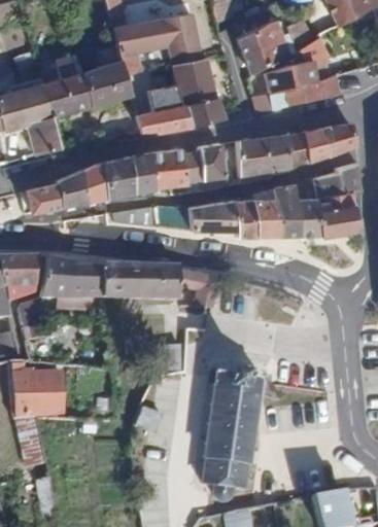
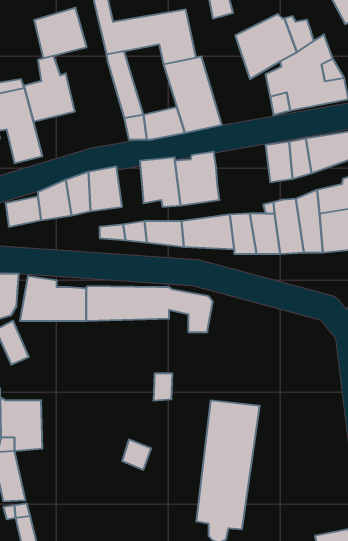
building: [83,60,132,106] -> [34,8,87,58]
building: [237,137,272,184] -> none
building: [130,151,154,194] -> none

